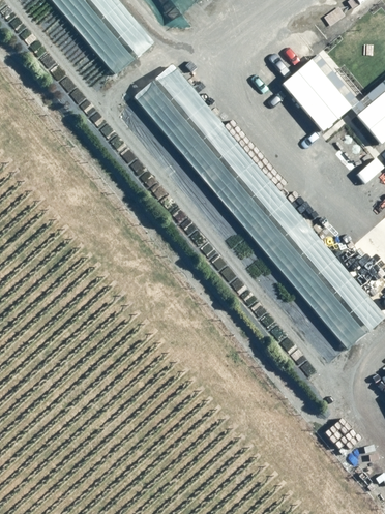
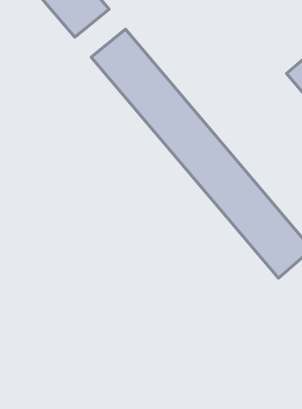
building: [282,58,350,129] -> none

